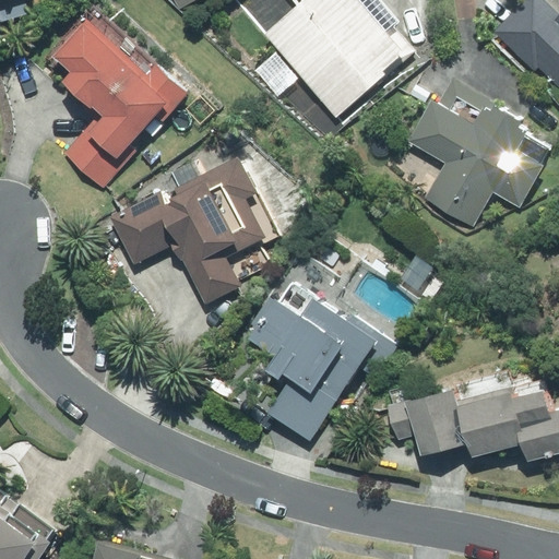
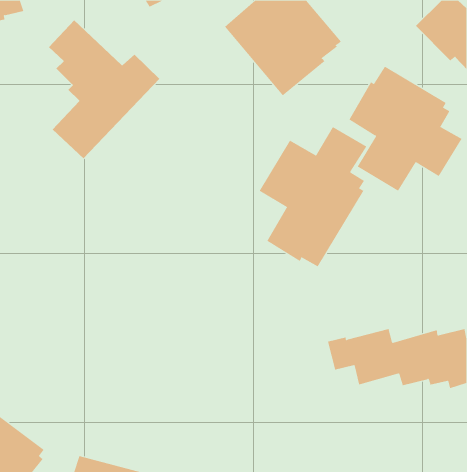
building: none -> [259,126,367,267]
building: [108,156,277,306] -> none
building: [253,282,389,436] -> none

